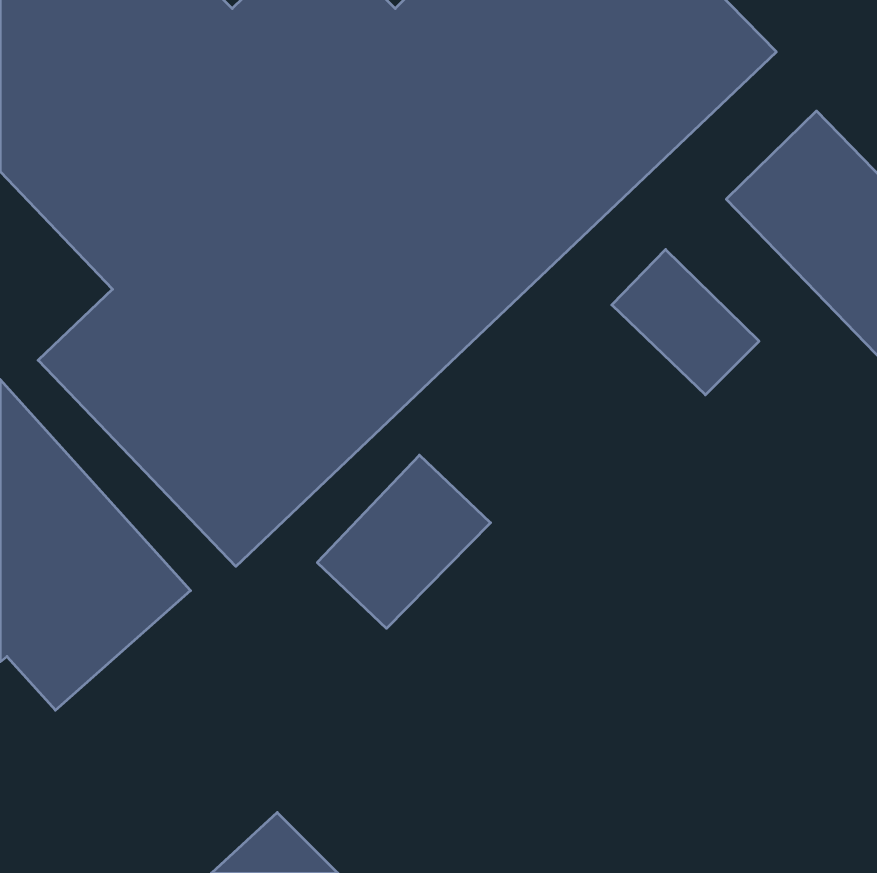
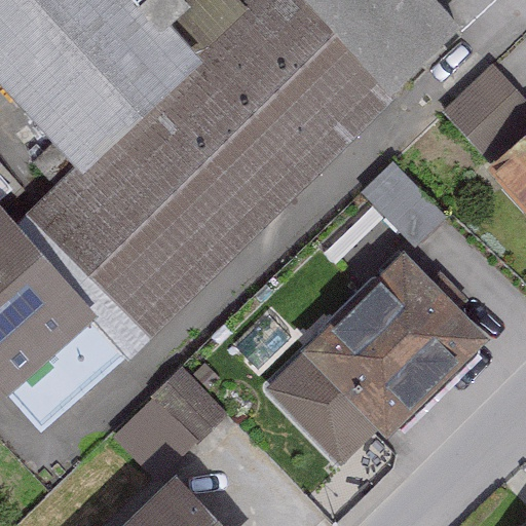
building: none -> [272,261,478,455]
building: [317,455,491,628] -> [119,366,222,468]

